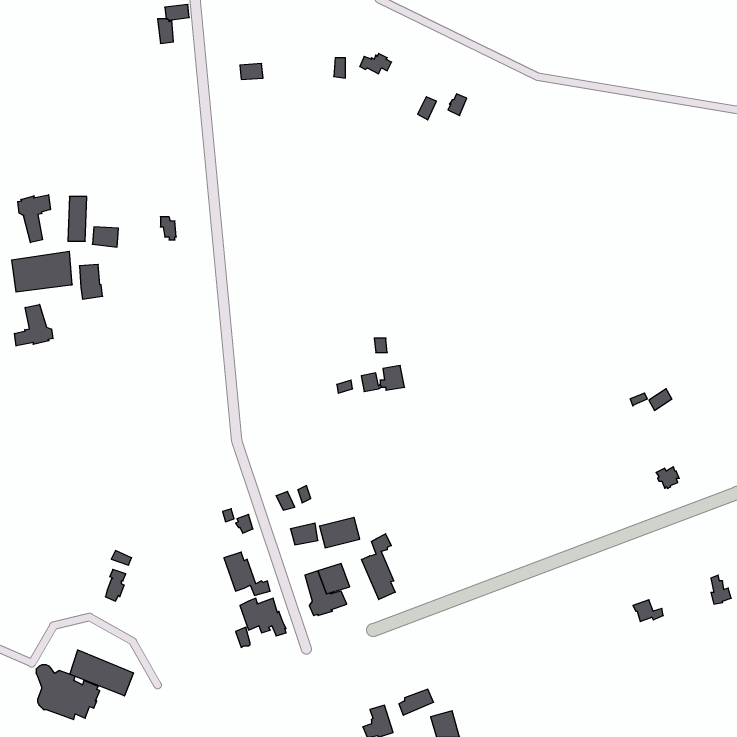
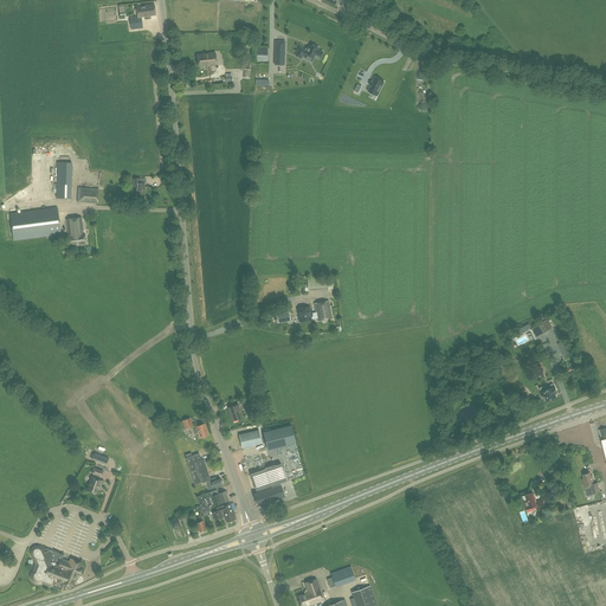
building: [18,195,50,243] -> none
building: [15,304,53,346] -> none
building: [362,534,395,600] -> none
building: [70,650,134,696] -> none

